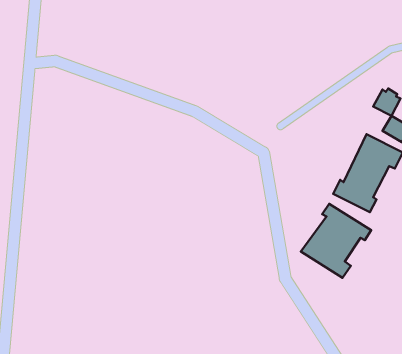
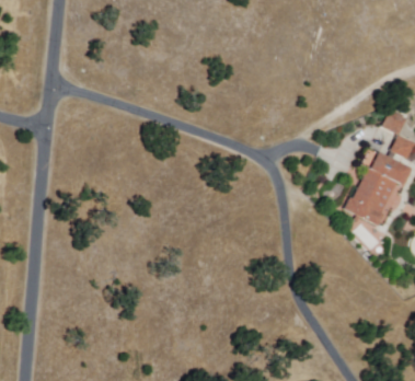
building: [301,204,371,278] -> none

